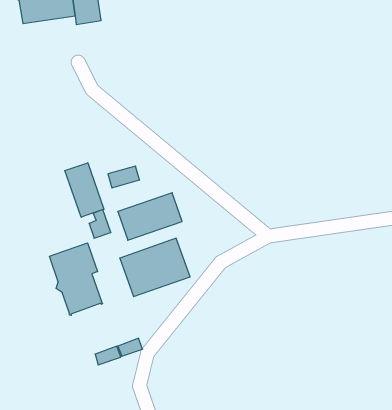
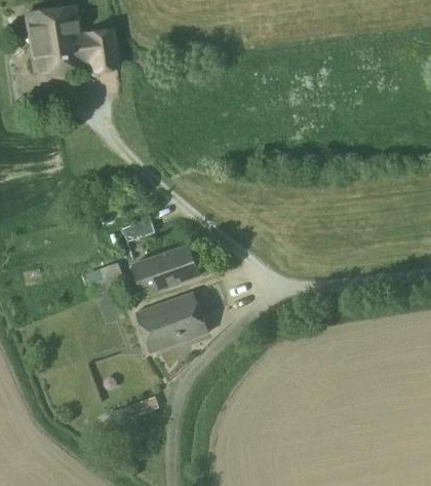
building: [65,163,104,217] -> none
building: [50,243,103,315] -> none

